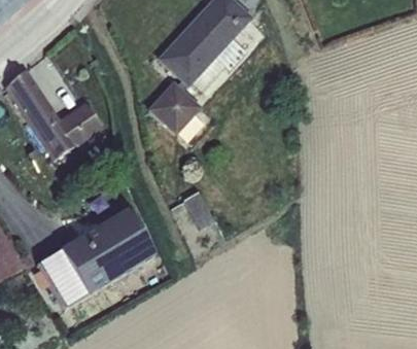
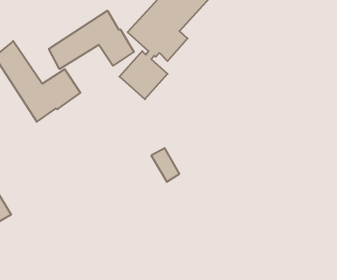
building: none -> [49,11,134,69]
building: [38,208,155,307] -> none

